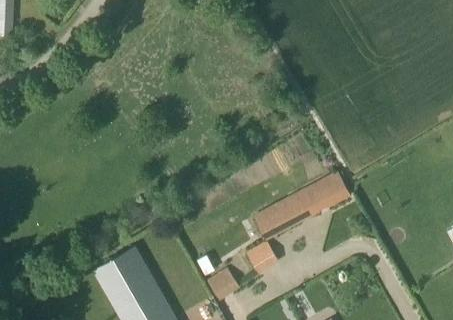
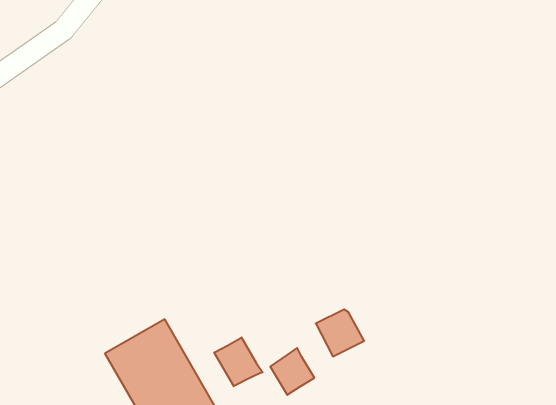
building: [256,171,350,237] -> none
building: none -> [214,337,263,386]

